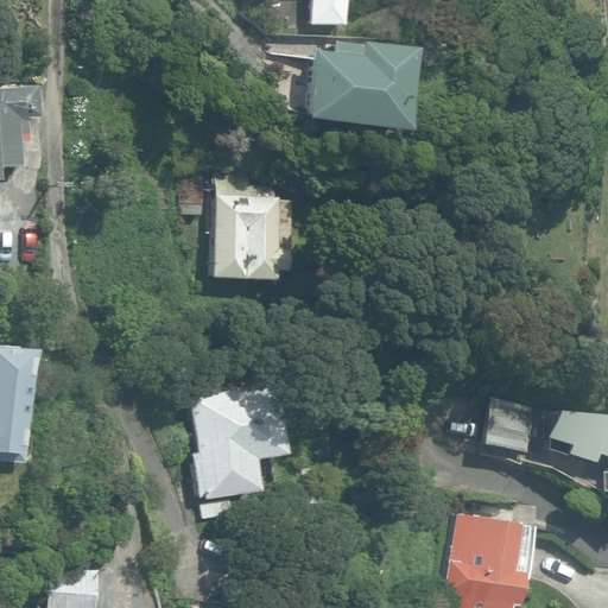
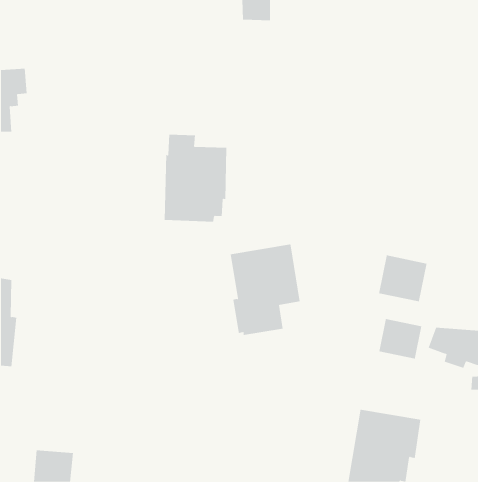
building: [302,43,412,134] -> none
building: none -> [379,255,427,302]
building: [189,384,278,499] -> [230,244,301,335]

